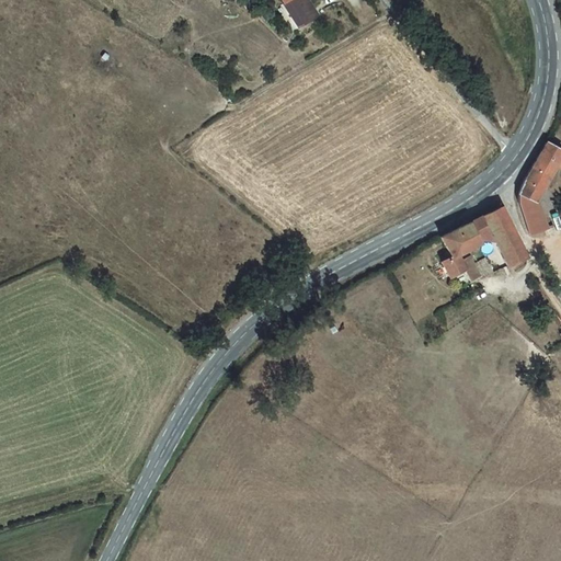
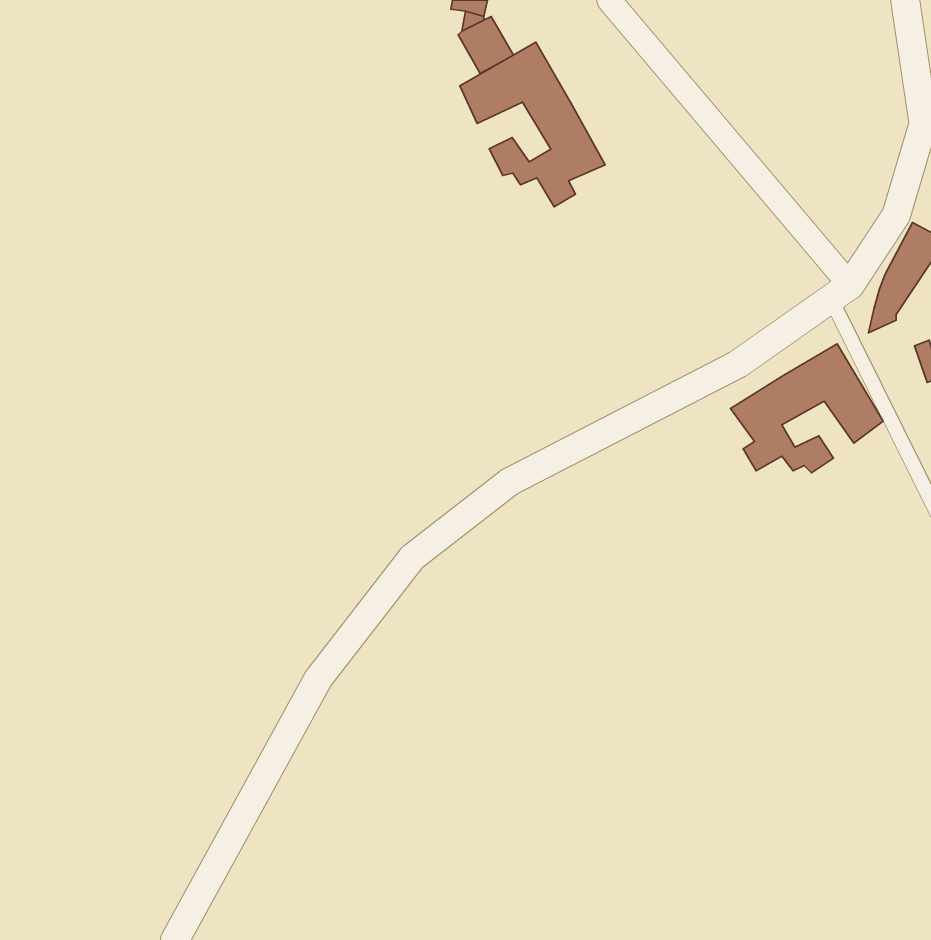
building: none -> [460,42,605,207]
building: [523,191,551,224] -> none

